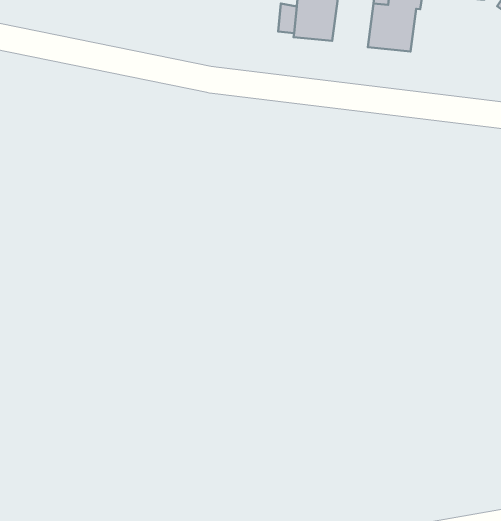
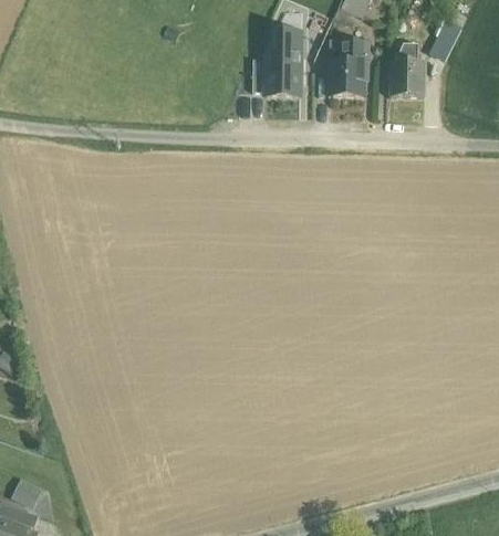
building: none -> [392,60,426,96]

